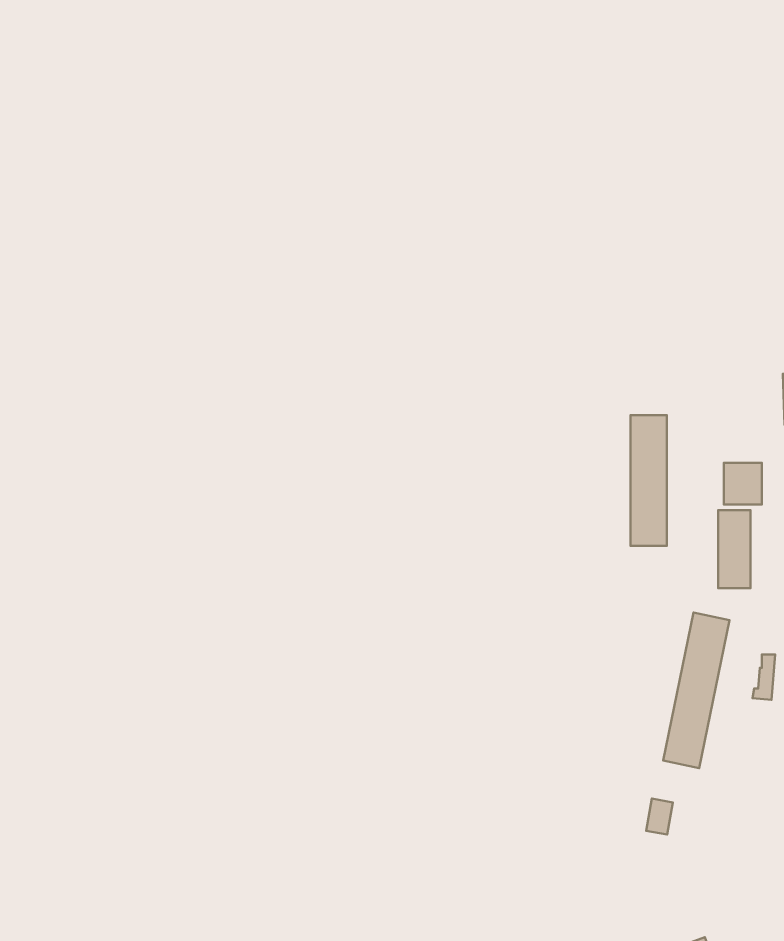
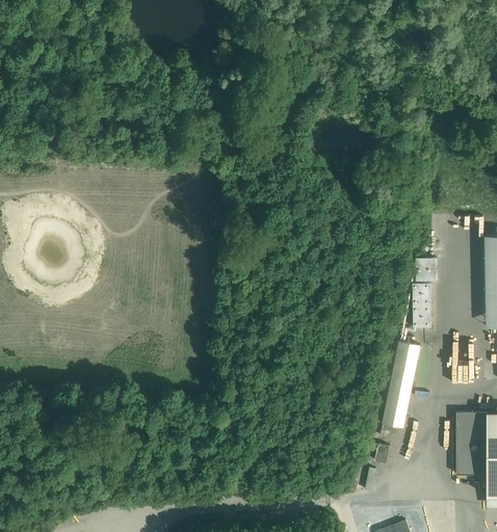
building: [631,415,667,546] -> none

